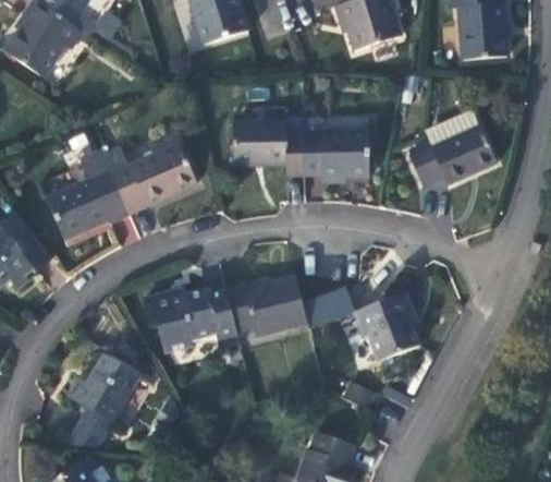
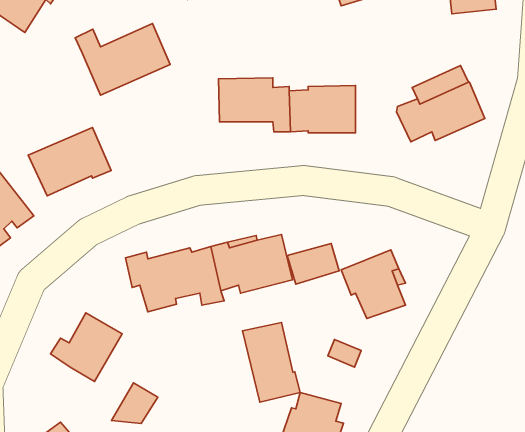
building: [102,143,196,214] -> [75,23,170,95]
building: none -> [242,322,300,402]
building: [65,408,111,448] -> [111,383,158,424]

